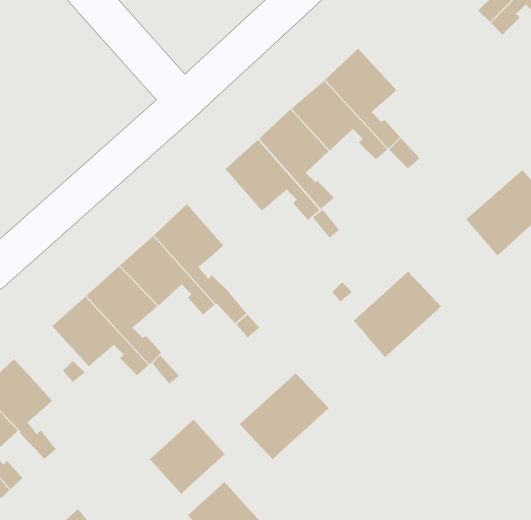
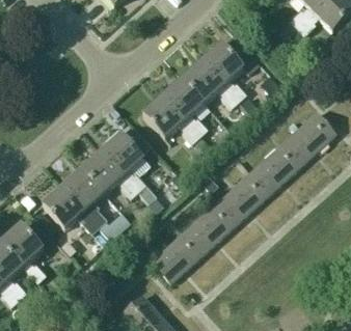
building: none -> [250,142,302,193]
building: none -> [185,201,237,252]
building: [149,419,225,494] -> none

